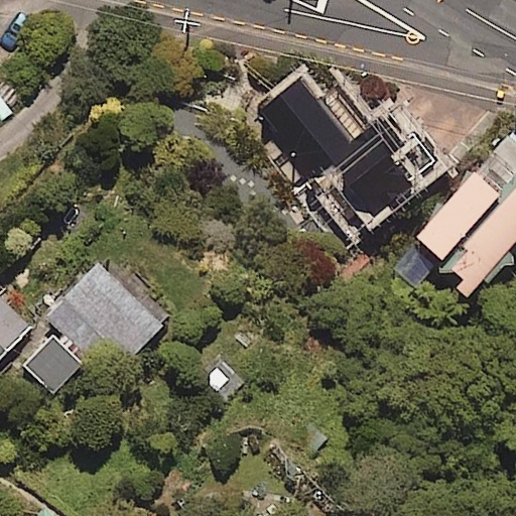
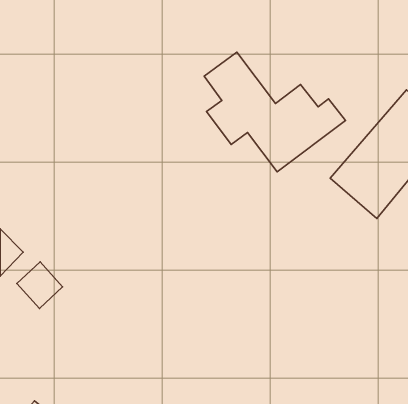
building: [47,263,163,379] -> none

